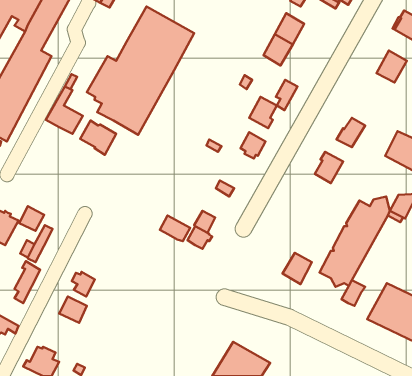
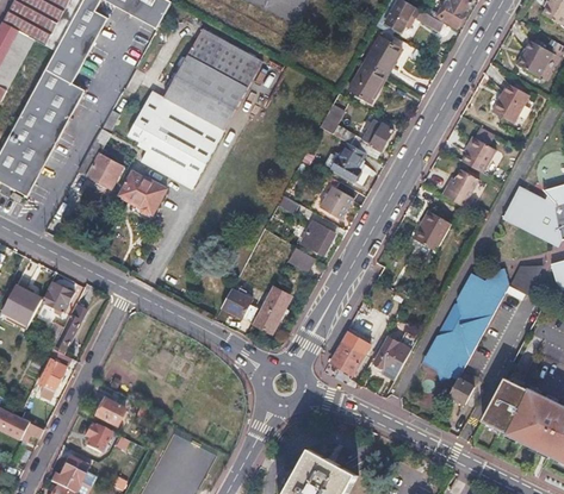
building: none -> [461,138,494,170]
building: none -> [300,221,334,255]
building: none -> [330,332,370,375]
building: [72,272,95,296] -> [82,423,111,454]

